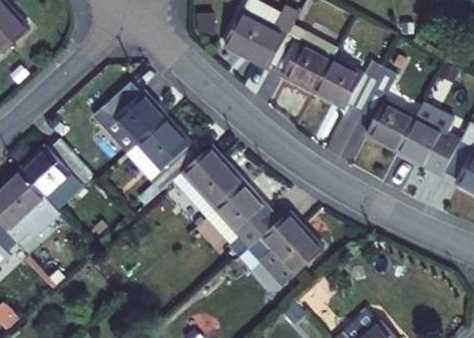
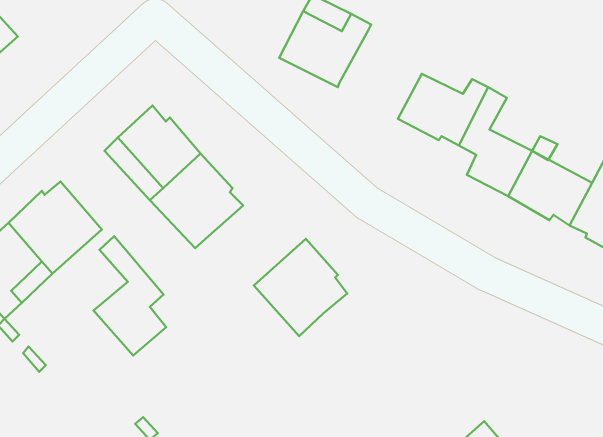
building: [270,25,336,92] -> none
building: [171,144,245,218] -> none
building: none -> [93,236,166,356]
building: [258,213,322,288] -> none

